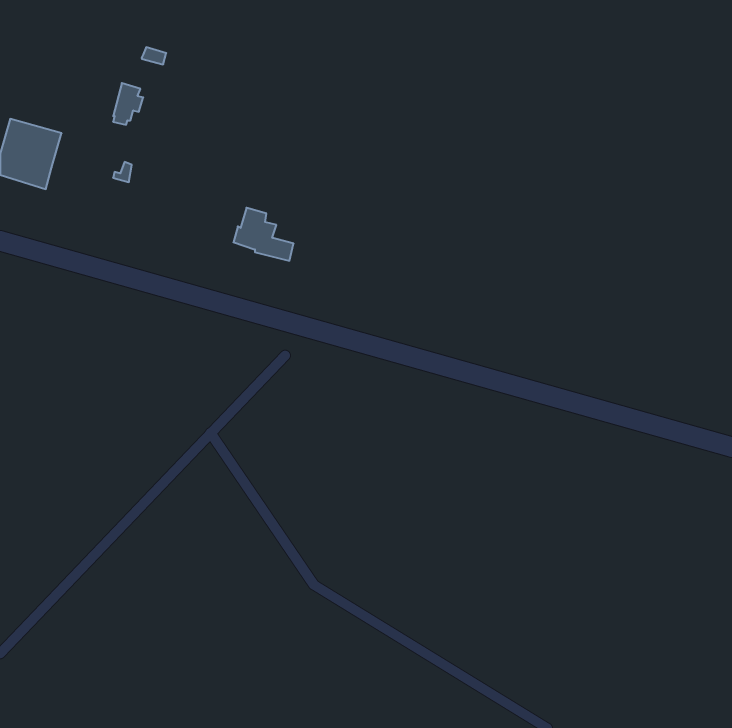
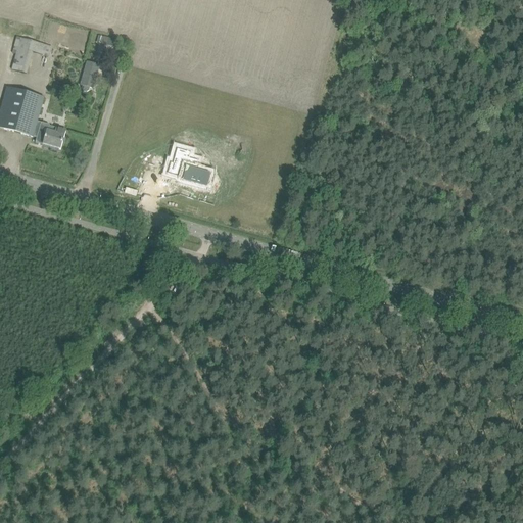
building: none -> [8,35,59,72]
building: none -> [33,120,65,147]

